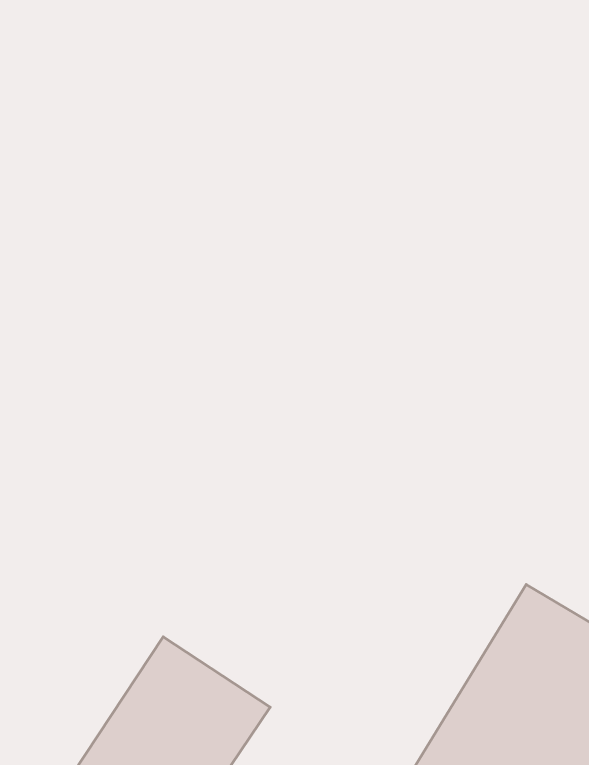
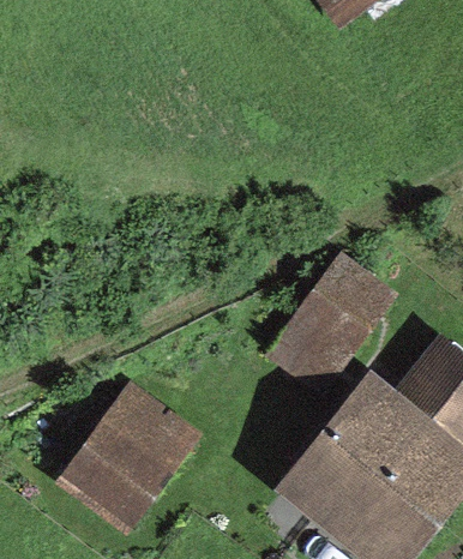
building: none -> [270,278,384,399]

